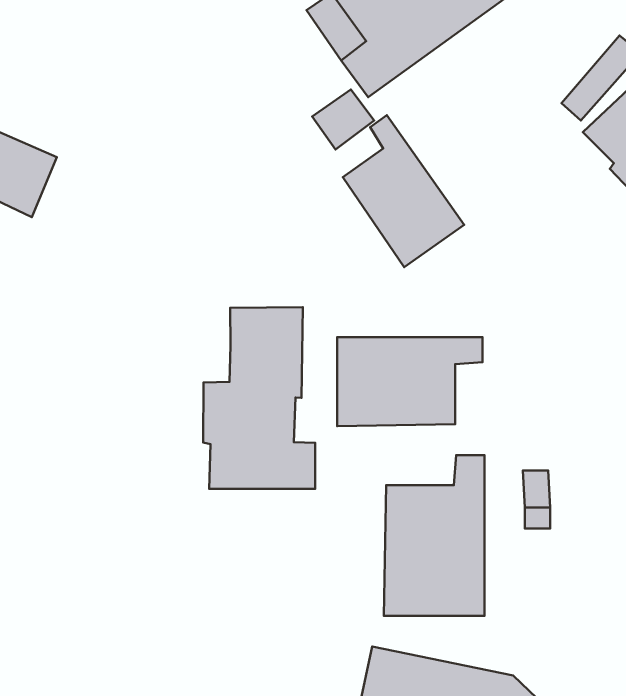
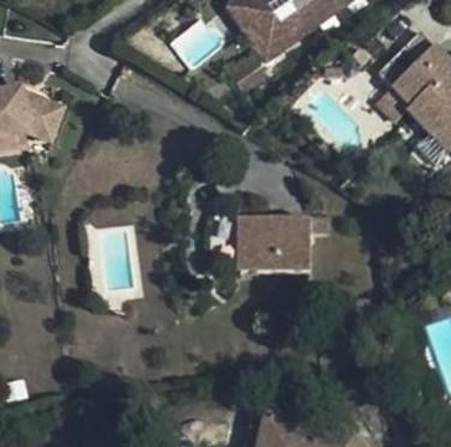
building: [343,115,464,267] -> none
building: [203,307,315,489] -> none
building: [384,455,485,616] -> none

